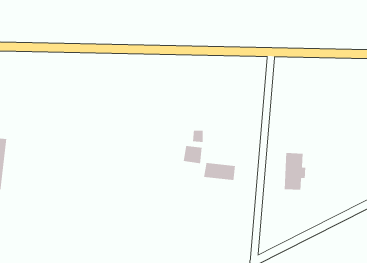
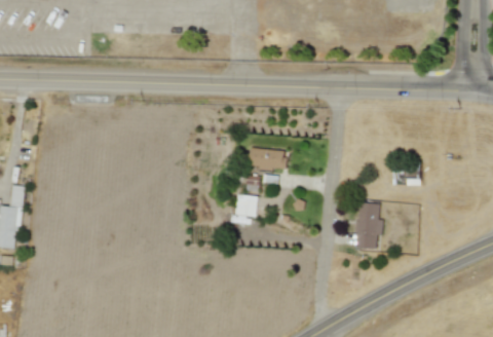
building: [203,162,236,181] -> [248,147,287,170]

